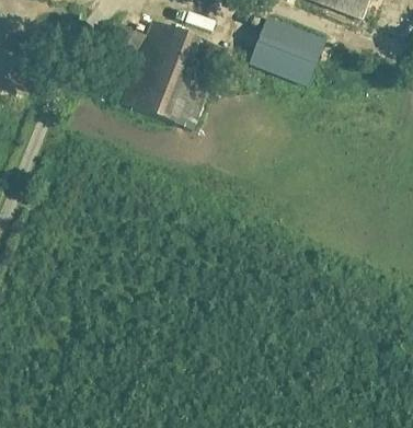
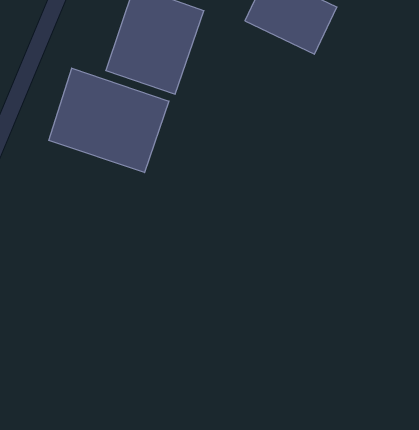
building: none -> [49,68,169,173]

